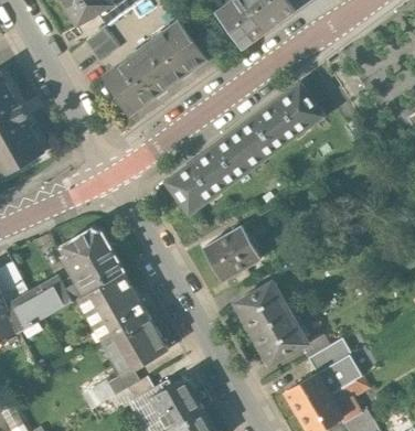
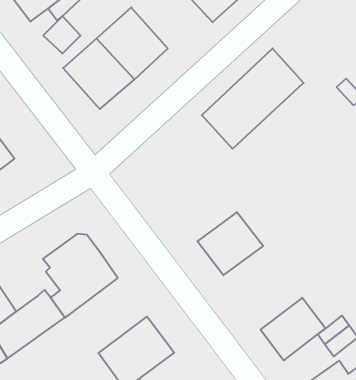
building: [156,133,246,214] -> none
building: [77,272,148,338] -> none
building: [233,280,292,336] -> none

